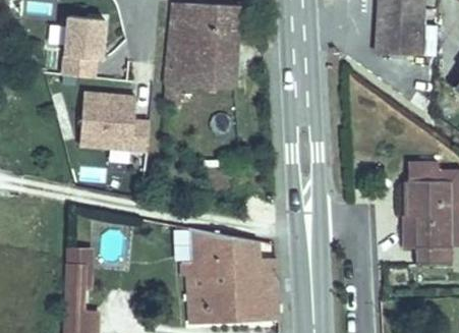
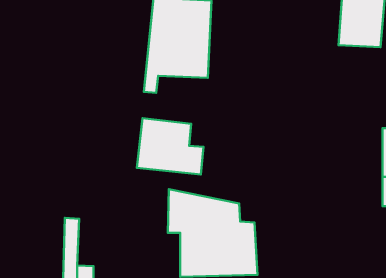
building: [60,19,103,81] -> none
building: [75,102,147,162] -> [137,118,204,174]

